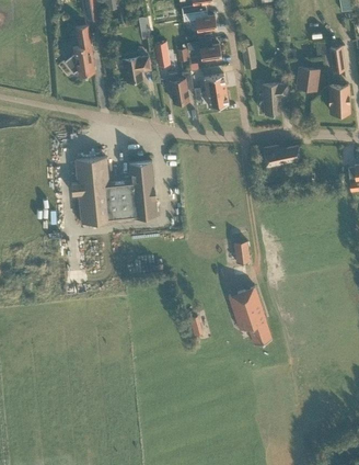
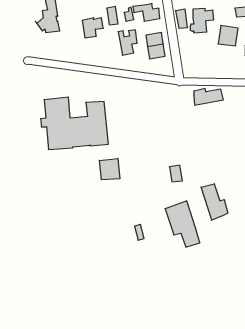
building: [260,83,290,114] -> [190,8,214,33]
building: none -> [99,158,120,180]
building: none -> [201,184,228,220]

